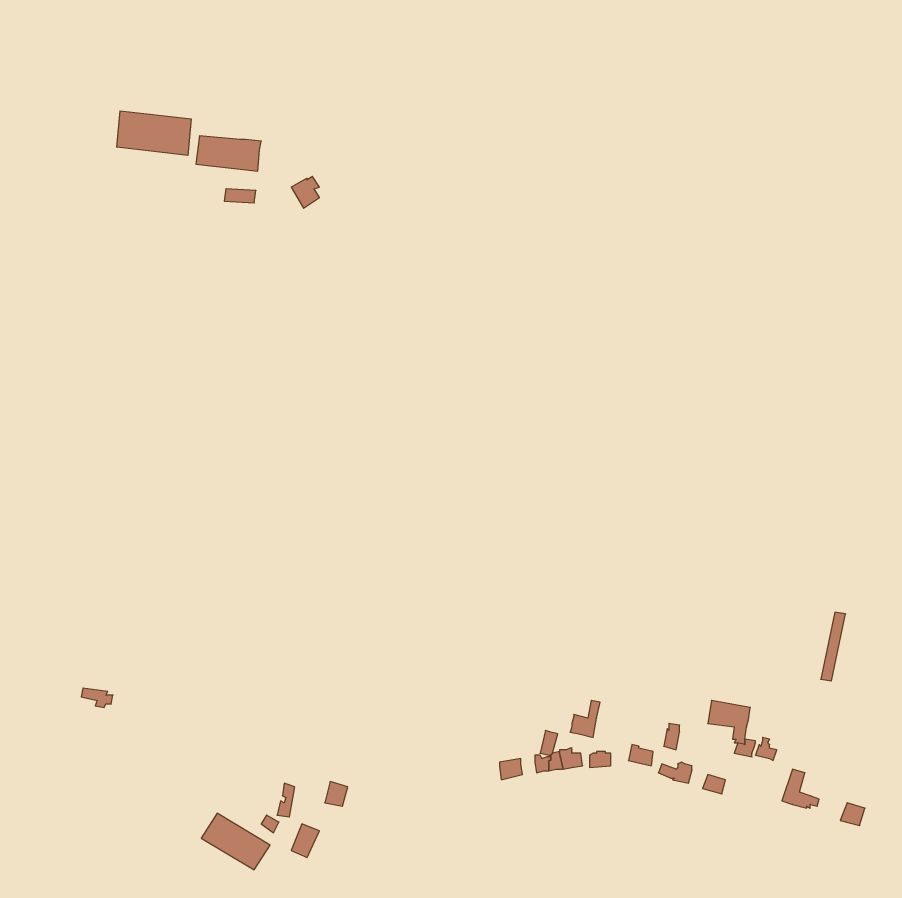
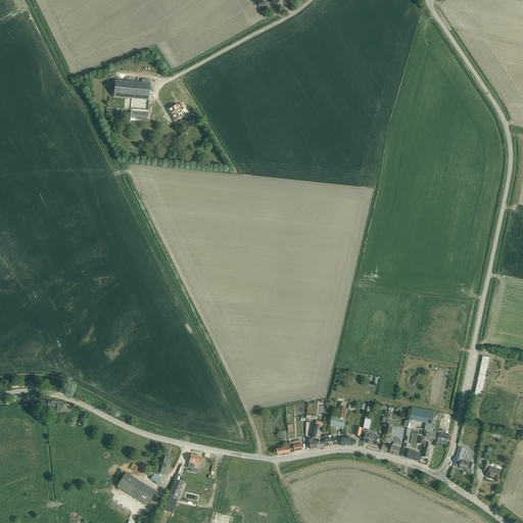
building: [117,111,191,155] -> none

